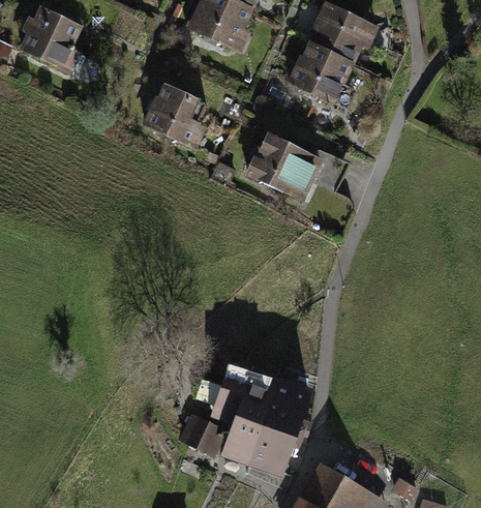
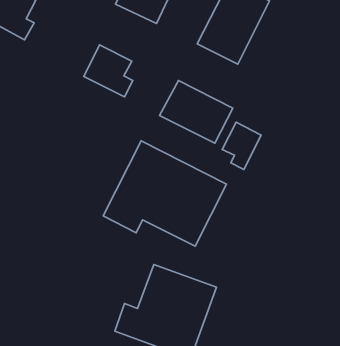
building: none -> [222,122,261,169]
building: none -> [103,141,227,246]

